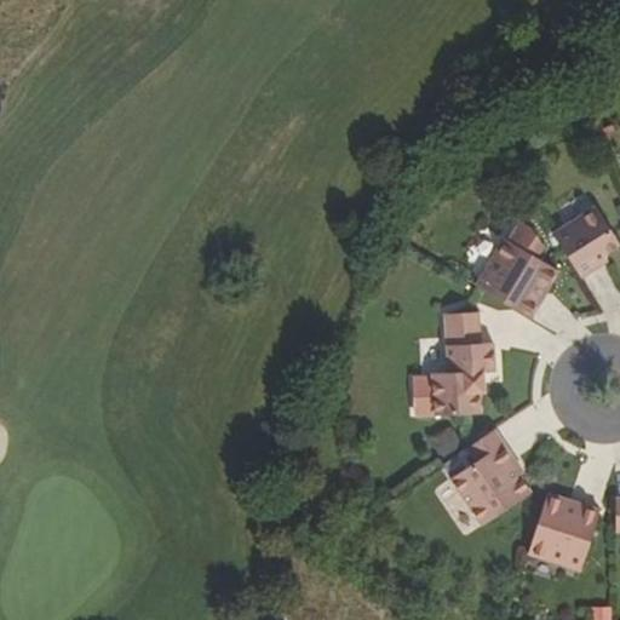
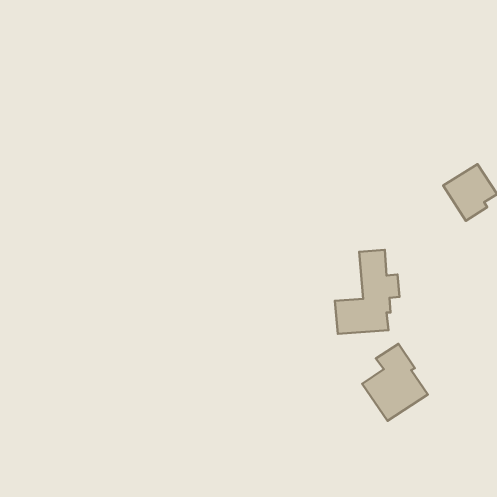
building: [473,220,556,316] -> none
building: [526,492,597,568] -> none

